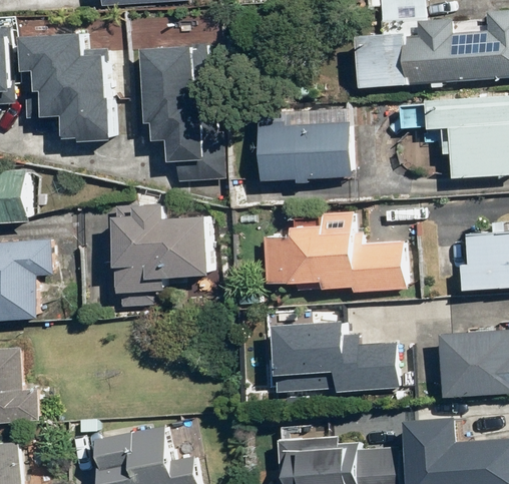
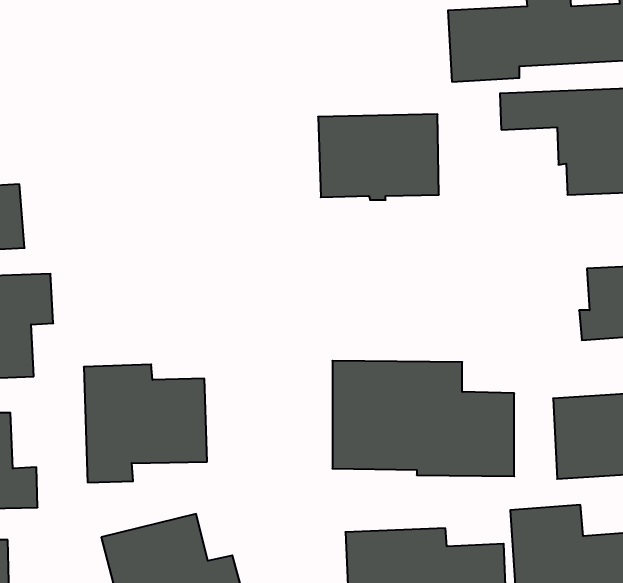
building: [19,35,108,139] -> none
building: [142,47,206,160] -> none
building: [113,202,208,294] -> [84,364,207,482]
building: [263,226,405,292] -> none

